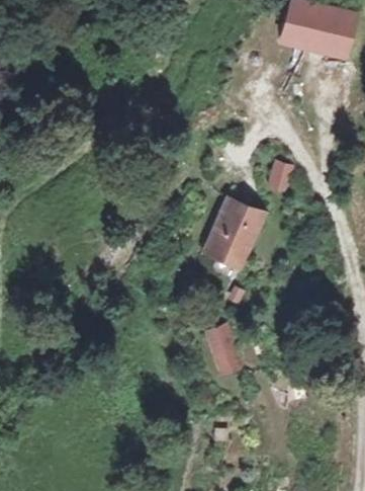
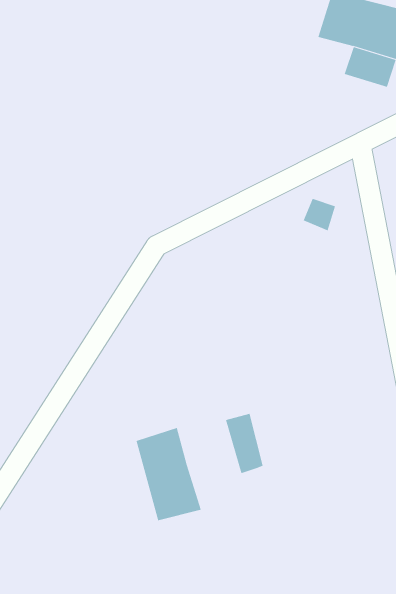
building: [207,195,267,264] -> none
building: none -> [136,427,201,521]

